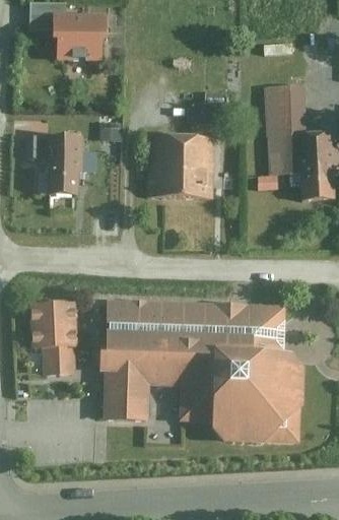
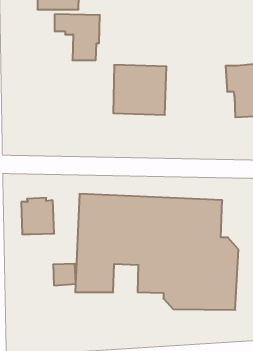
building: [263,85,302,175] -> none
building: [24,135,81,193] -> [55,14,100,60]
building: [44,345,72,373] -> [53,264,76,285]

